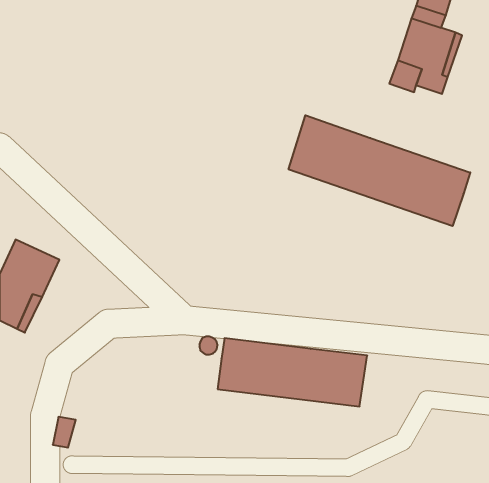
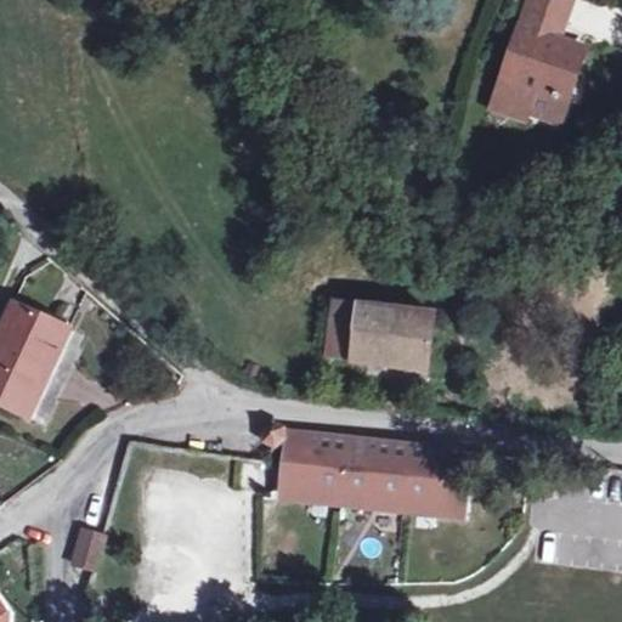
building: [289,115,470,226] -> none
building: none -> [323,302,430,372]

